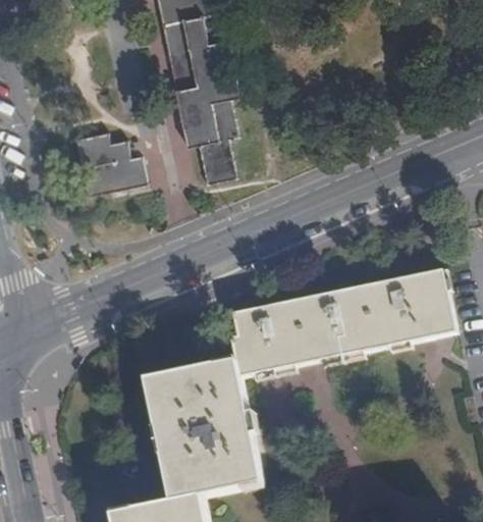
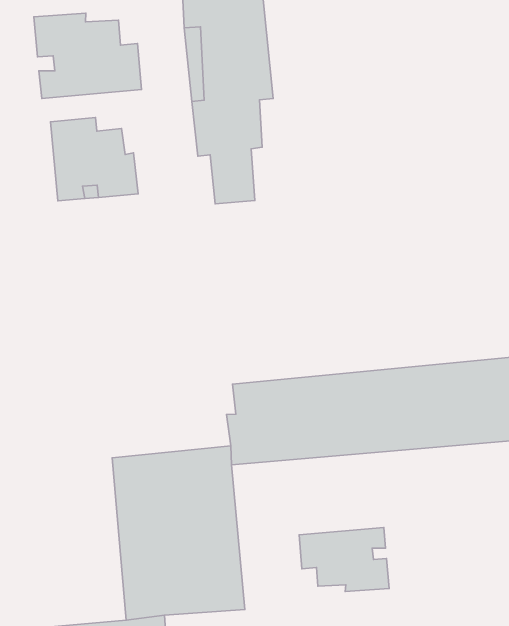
building: none -> [34,13,141,98]
building: none -> [299,528,389,591]

